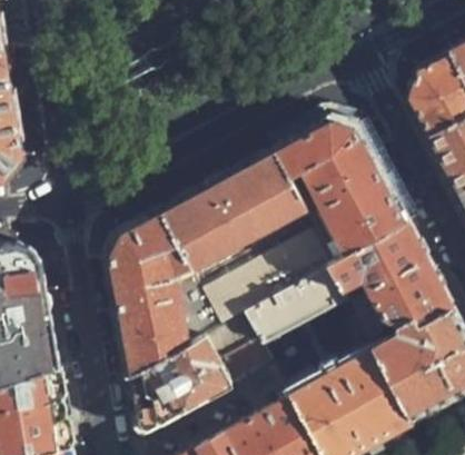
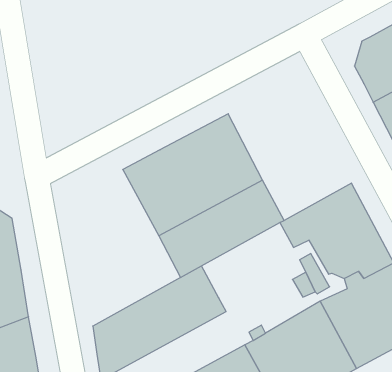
building: [274,119,406,264] -> none
building: [107,209,222,377] -> none
building: [245,266,347,347] -> none

